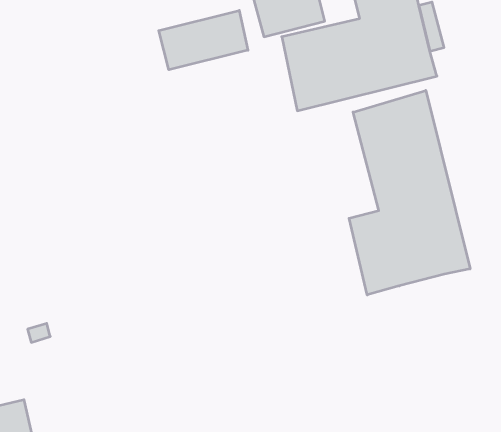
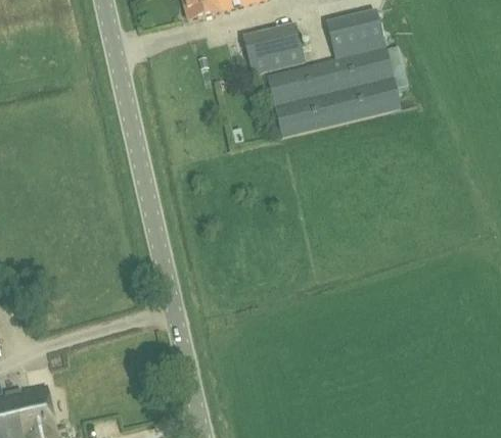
building: [159,10,248,70] -> none
building: [349,90,470,295] -> none

